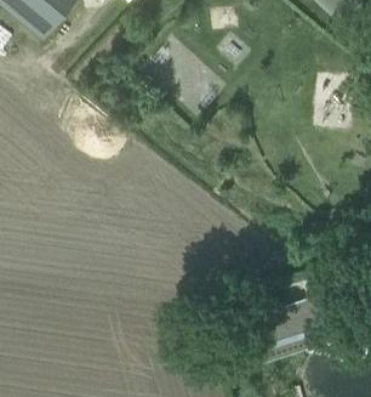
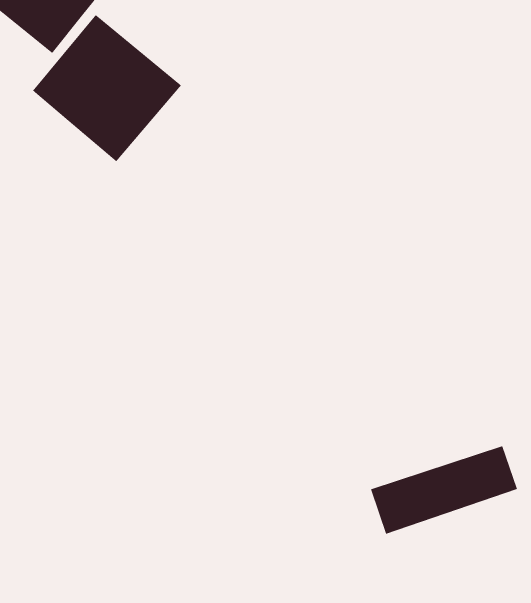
building: none -> [32,14,182,162]

